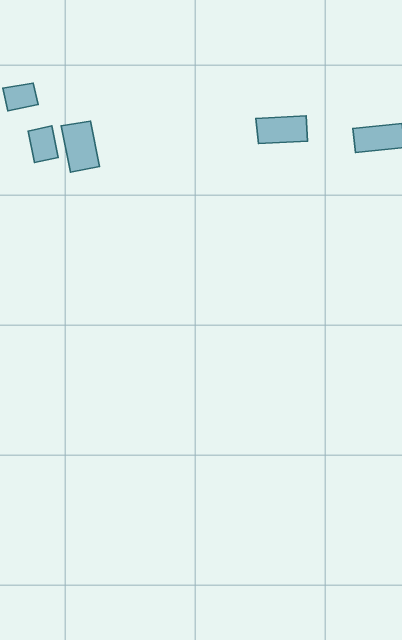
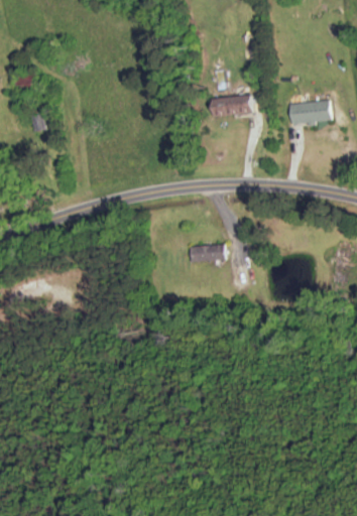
building: [61,121,100,172] -> none
building: none -> [190,244,225,261]

